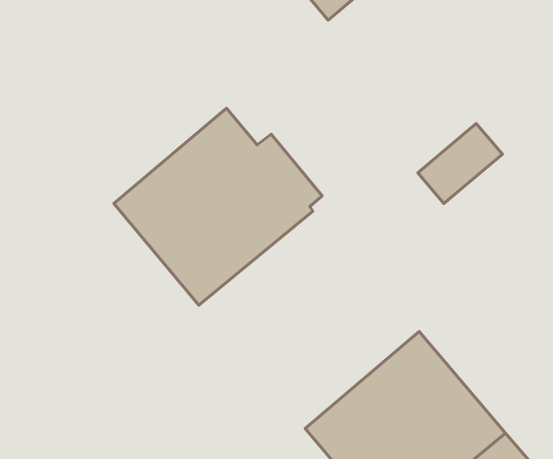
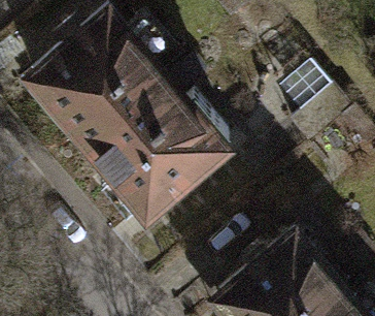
building: none -> [20,6,152,138]

